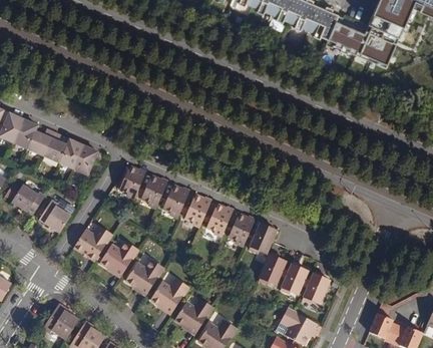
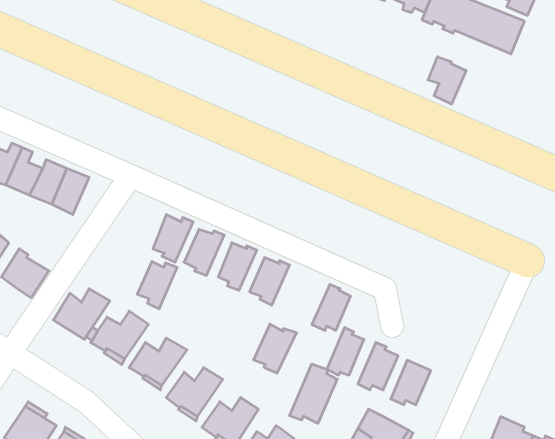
building: none -> [428,57,466,104]
building: [120,166,147,199] -> [137,261,177,309]
building: [228,214,257,247] -> [253,324,297,373]
building: none -> [290,364,337,423]

